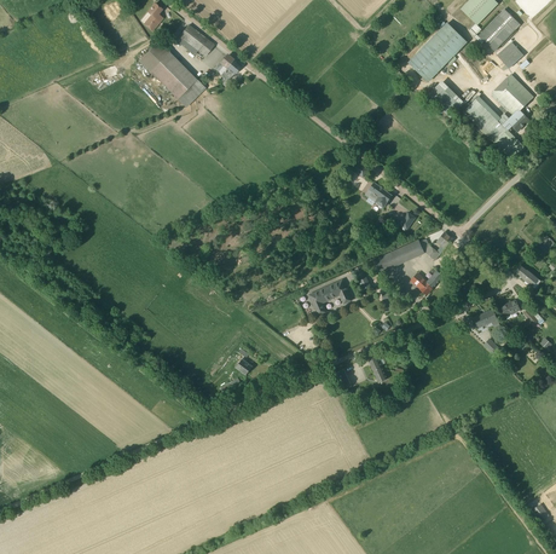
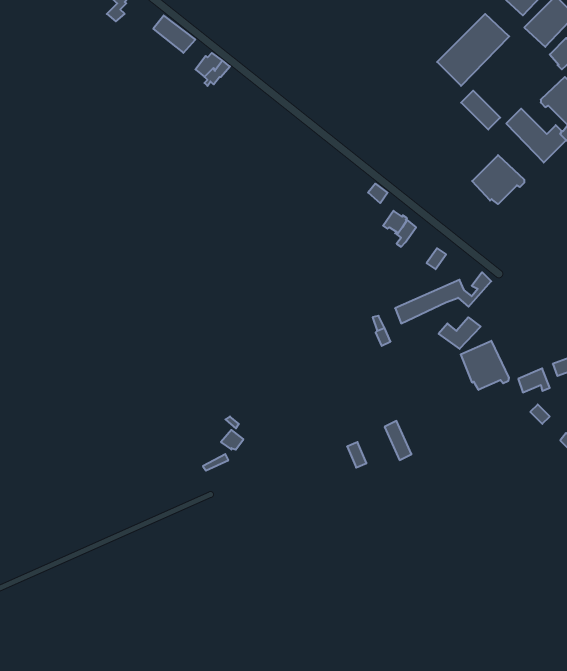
building: [140,40,207,106] -> none
building: none -> [472,155,524,204]
building: [308,279,351,314] -> none
building: none -> [461,341,509,390]

